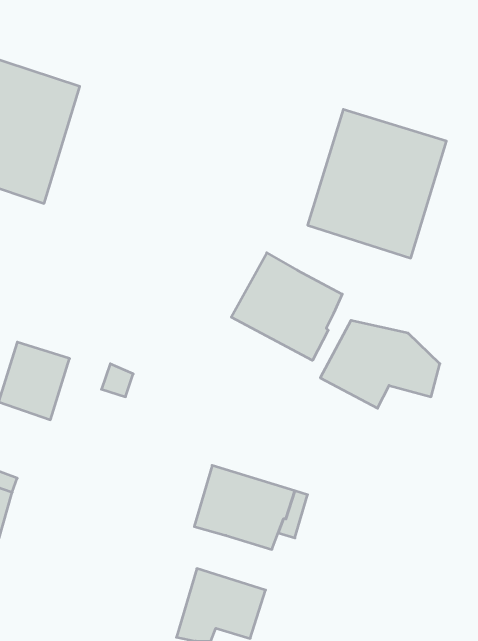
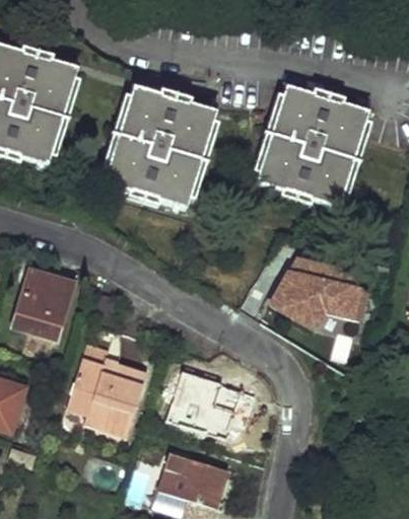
building: none -> [108,86,216,205]
building: [231,253,342,360] -> none
building: none -> [66,336,147,439]

